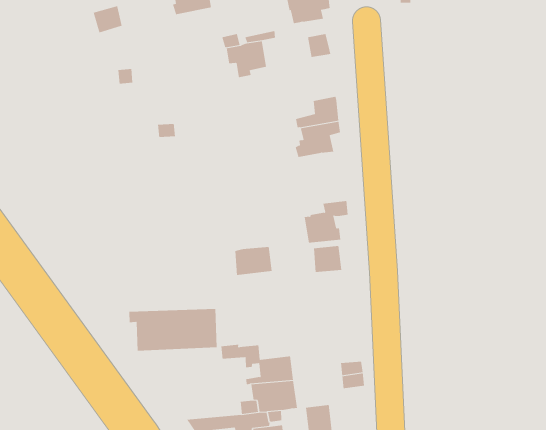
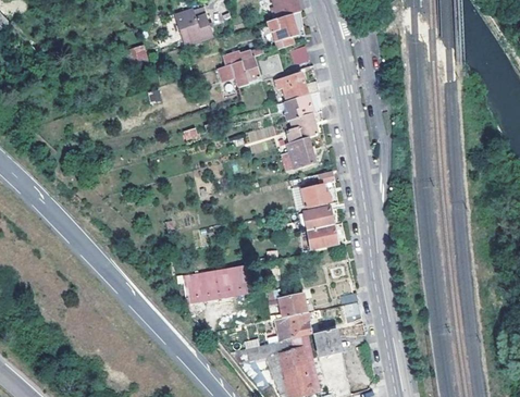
building: none -> [274,73,314,103]
building: none -> [286,137,315,169]
building: [235,246,272,275] -> [308,224,338,249]

